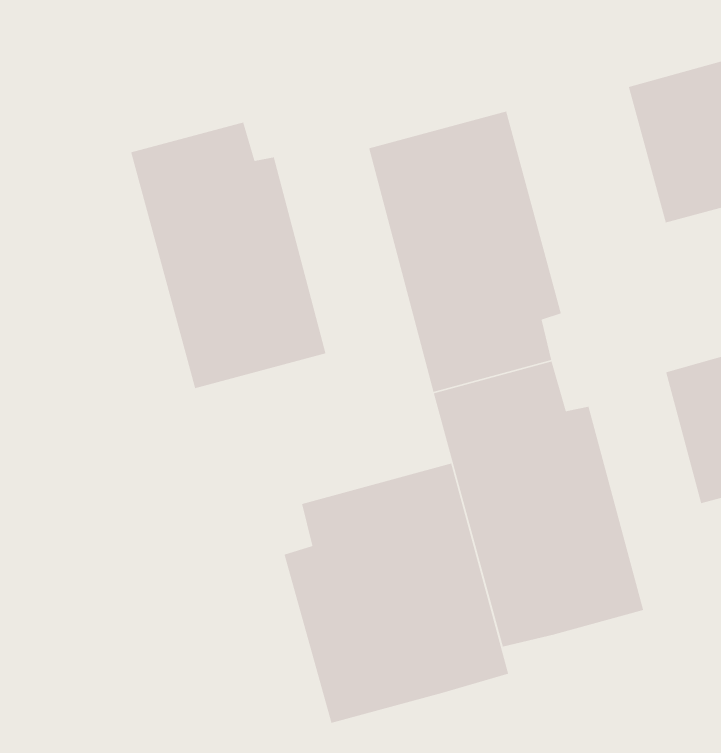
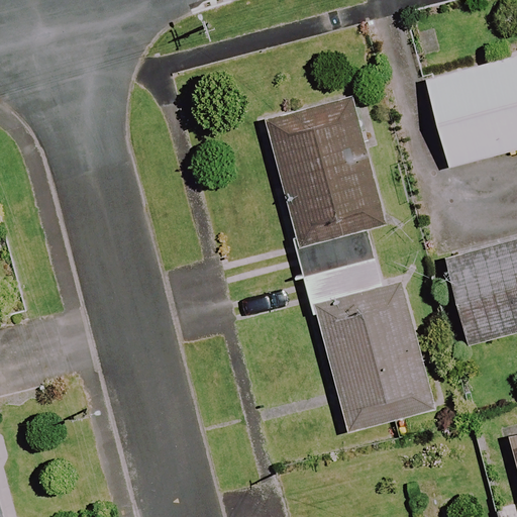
building: [130,122,327,389] -> none
building: [284,462,509,724] -> none

